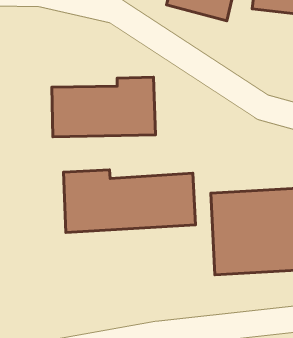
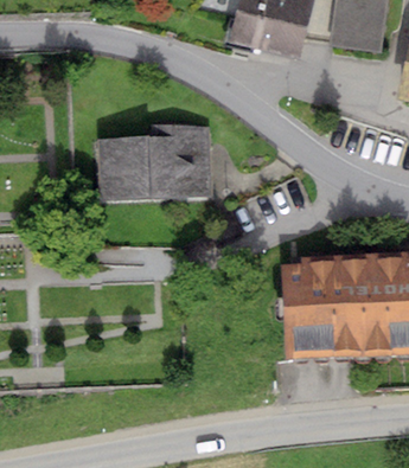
building: [64,170,196,233] -> none

